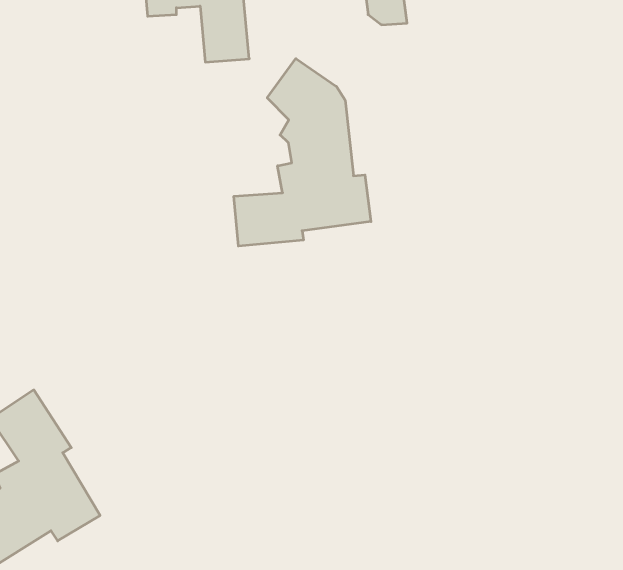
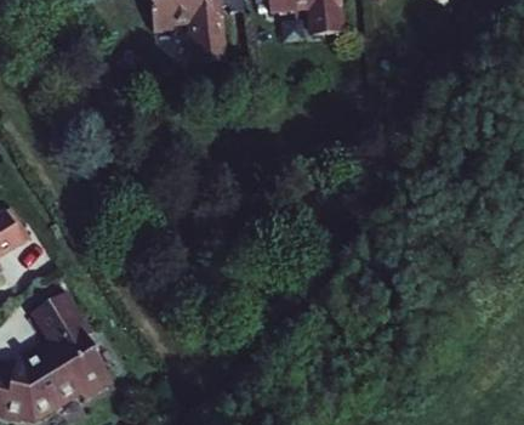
building: [234,59,371,246] -> none

